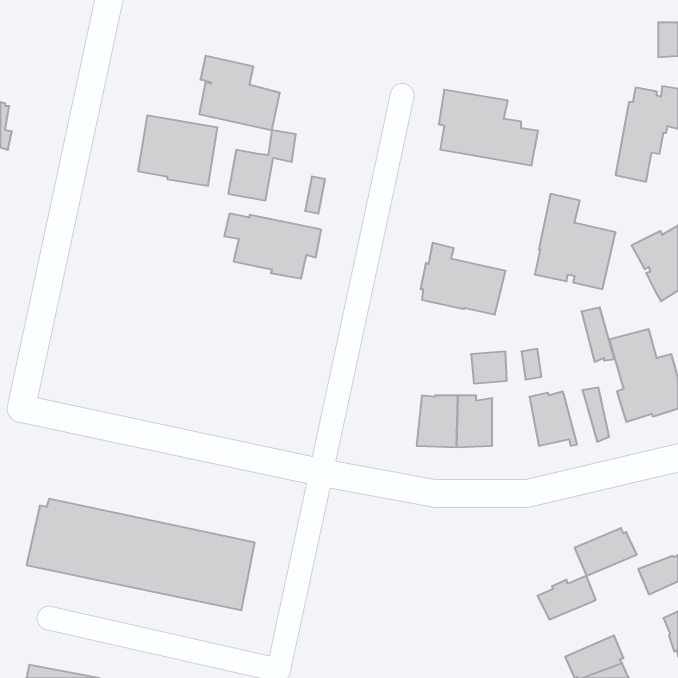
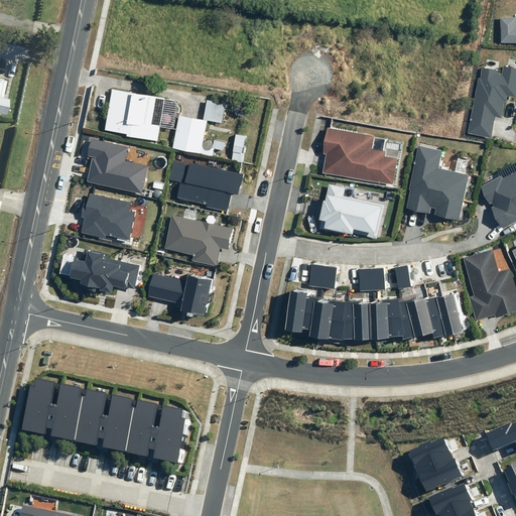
building: [199,56,280,130] -> [87,138,148,195]
building: [439,90,538,165] -> [322,127,398,184]
building: none -> [82,192,136,240]
building: none -> [164,215,234,266]
building: [581,307,615,362] -> [428,296,454,338]
building: none -> [70,249,140,293]
building: none -> [309,263,338,289]
building: none -> [149,272,215,316]
building: none -> [285,291,320,339]
building: none -> [374,298,409,339]
building: [575,528,637,576] -> [417,456,465,492]

